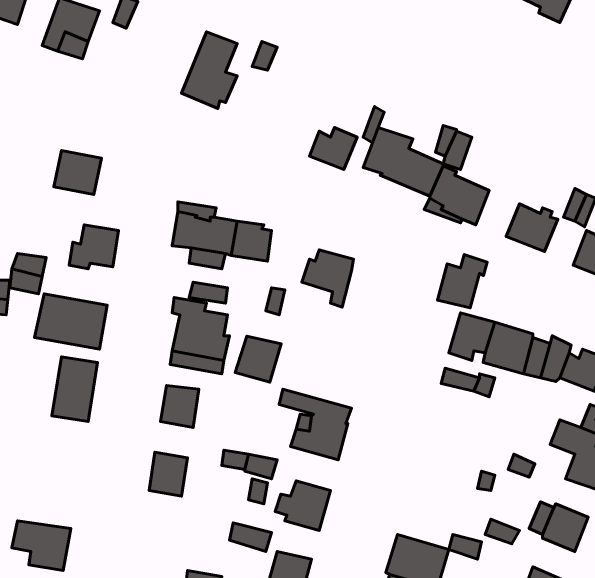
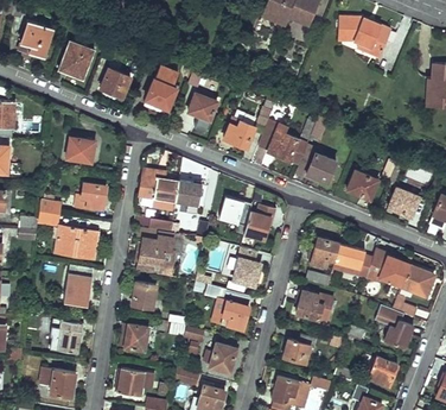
building: none -> [101,71,139,102]
building: none -> [189,93,217,132]
building: [438,254,487,308] -> [244,206,275,239]
building: [235,336,281,382] -> [232,258,261,286]
building: none -> [297,291,327,321]
building: none -> [50,321,84,353]
building: none -> [282,335,317,365]
building: none -> [117,368,145,397]

